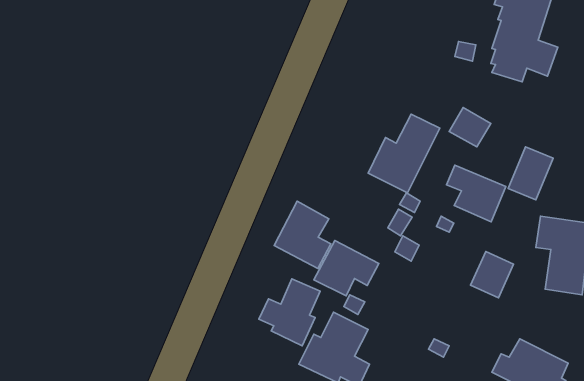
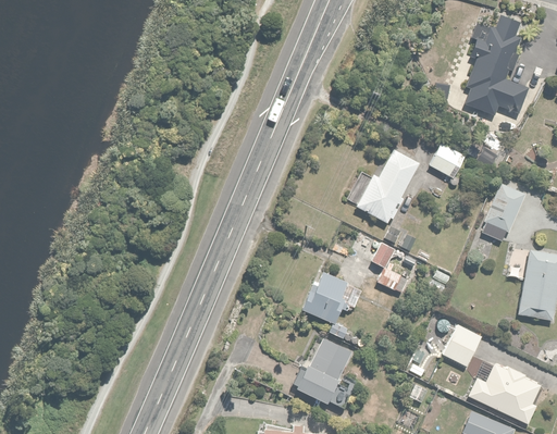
building: [446,165,506,222] -> none
building: [274,201,331,268] -> none
building: [471,252,513,298] -> [442,323,482,367]
building: [259,279,320,346] -> none

